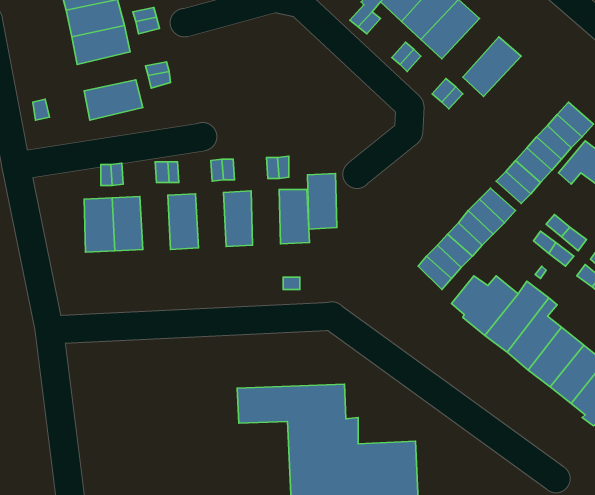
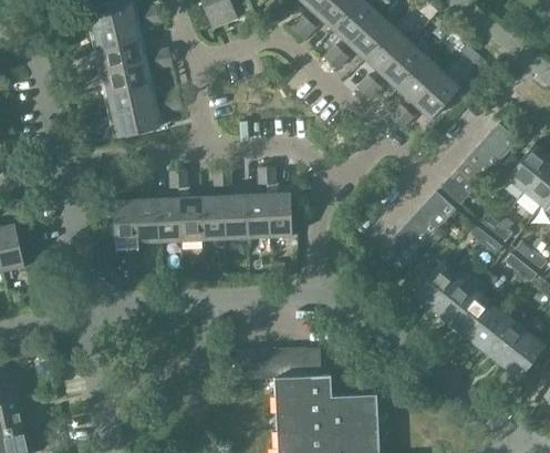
building: none -> [397,58,443,104]
building: none -> [107,84,154,115]
building: [308,173,337,229] -> [246,194,269,238]
building: none -> [201,196,226,240]
building: none -> [157,198,181,241]

